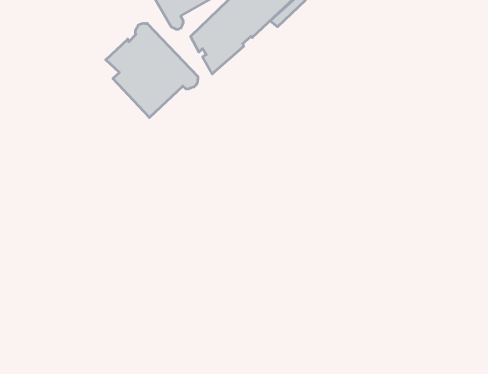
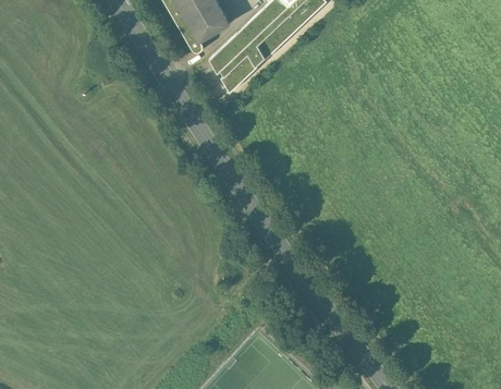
building: [106,23,198,118] -> none

